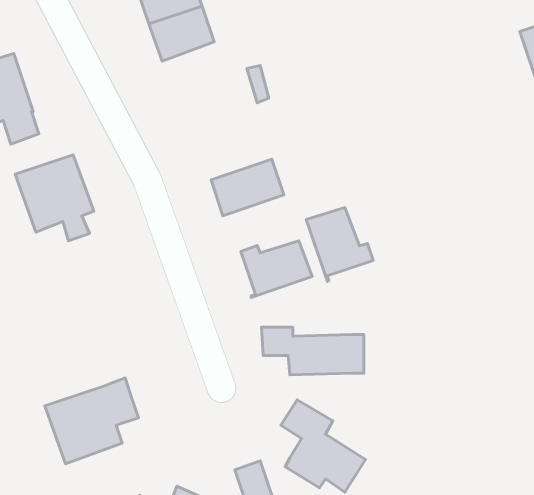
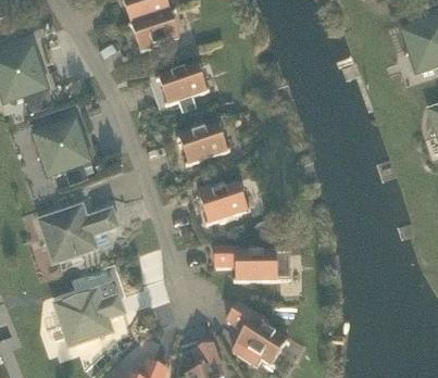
building: none -> [155,62,209,103]
building: [306,208,373,281] -> none
building: none -> [39,204,116,261]

